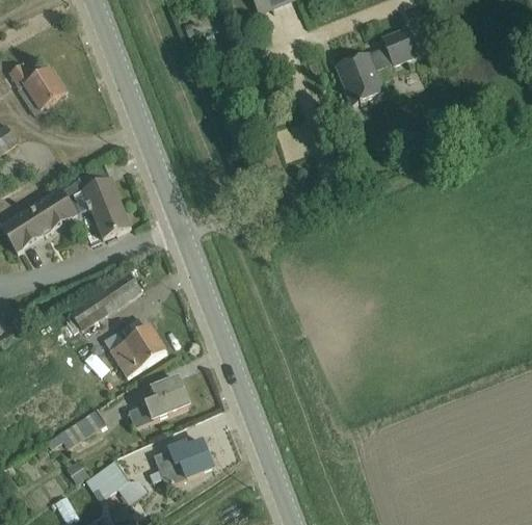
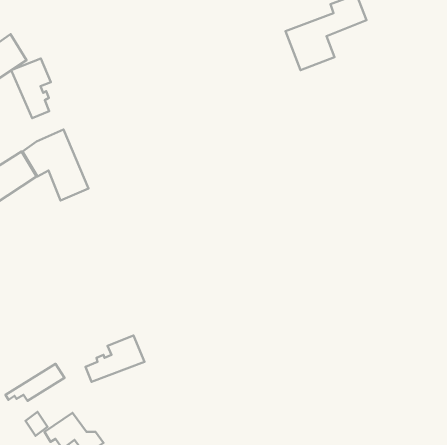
building: none -> [11,59,51,118]
building: [74,270,141,326] -> none
building: [103,325,166,377] -> none
building: [149,442,213,485] -> none

